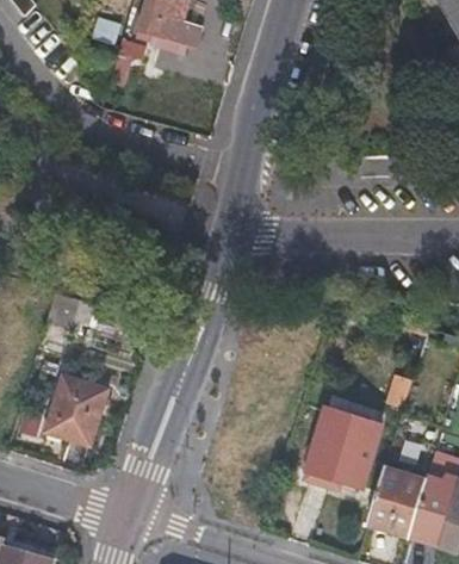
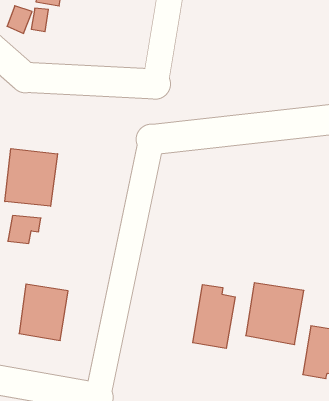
building: none -> [5,149,58,206]
building: none -> [193,285,235,348]

